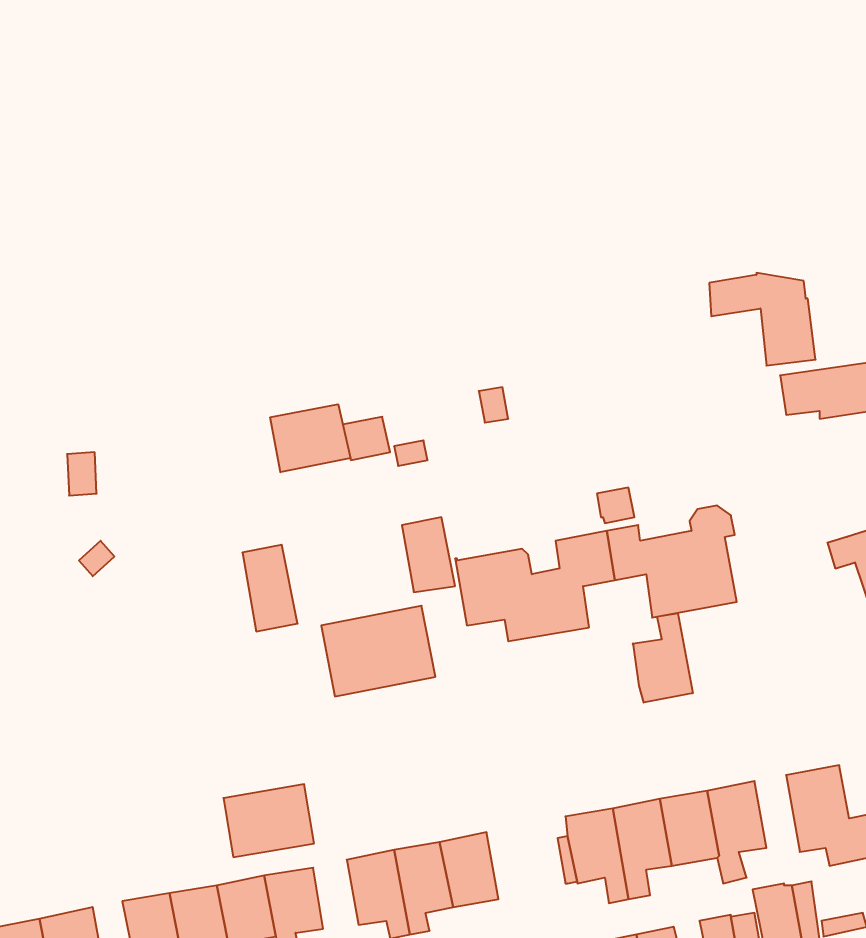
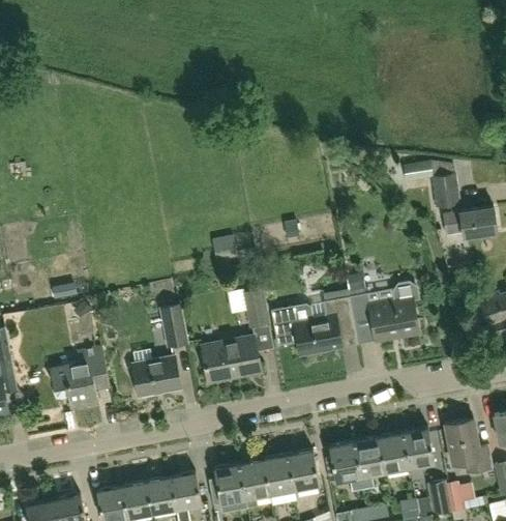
building: [270,404,350,472] -> none
building: [633,613,693,703] -> none
building: none -> [51,348,111,409]
building: [223,784,314,857] -> [132,357,180,396]
building: none -> [288,451,319,490]

